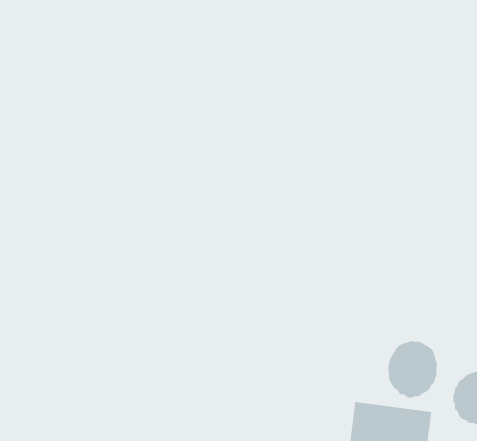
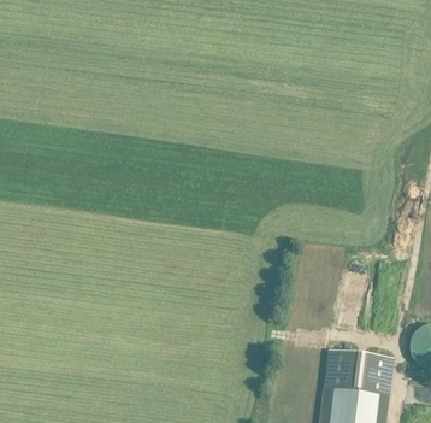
building: [388,340,437,398] -> none

